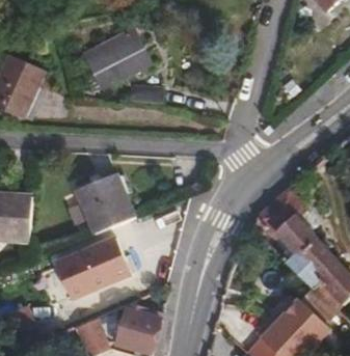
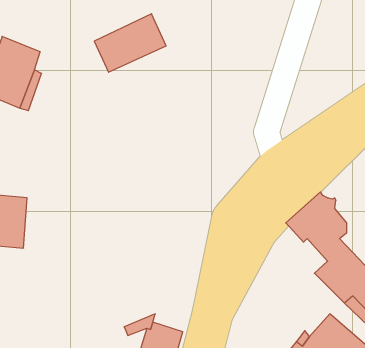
building: [76,174,133,234] -> none
building: [58,239,130,296] -> none

